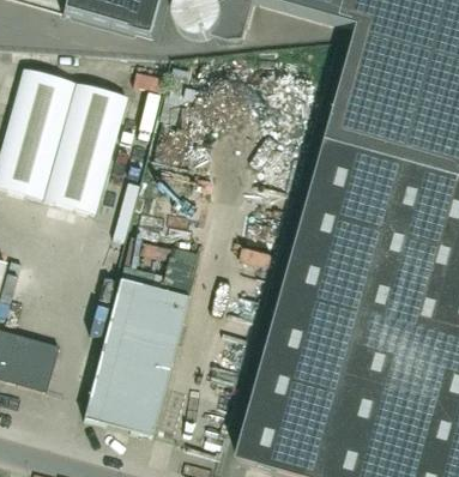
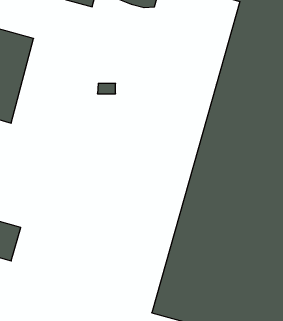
building: [44,80,126,211] -> none
building: [83,276,188,434] -> none

